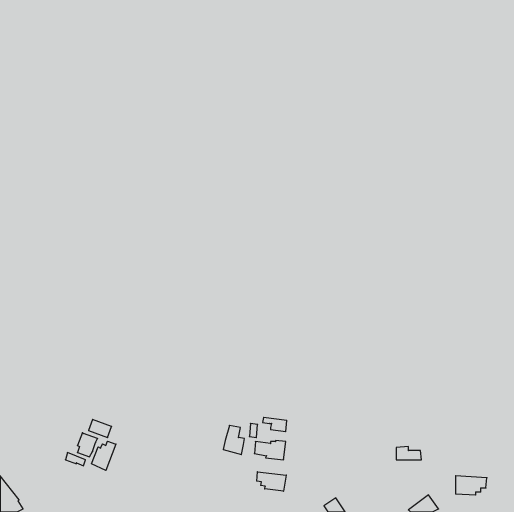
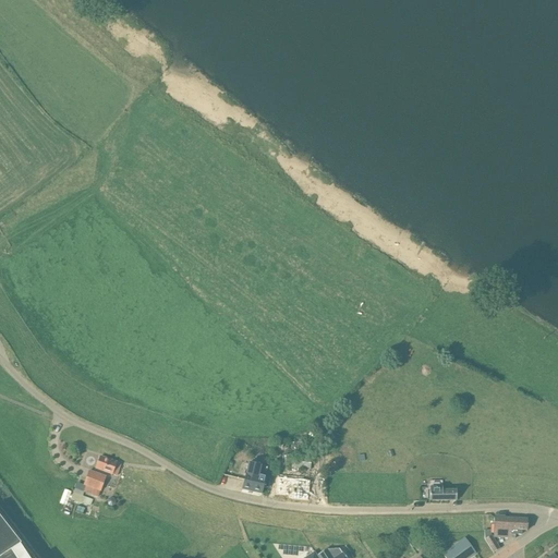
building: [91,441,116,470] -> none
building: [257,472,286,491] -> none

